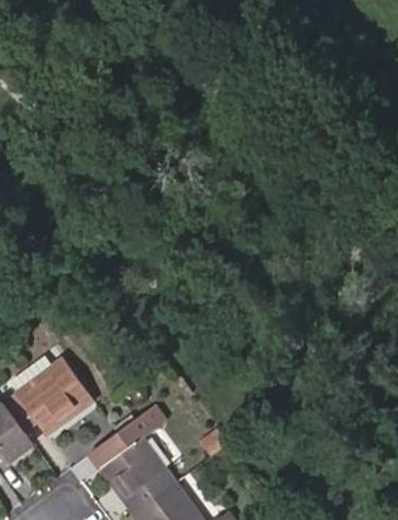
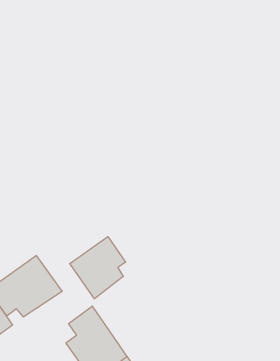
building: none -> [70,237,126,299]

